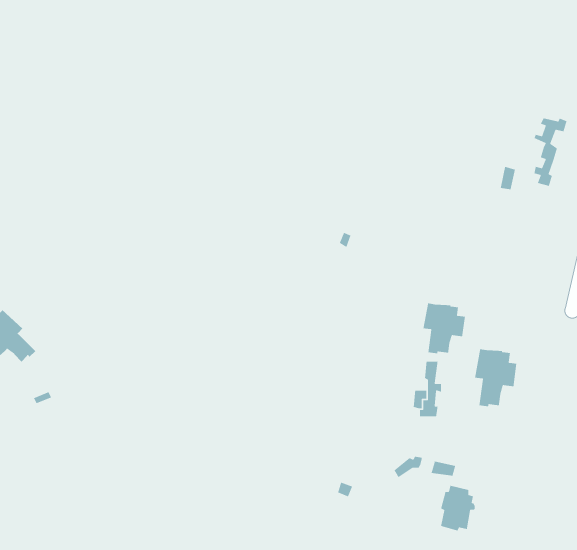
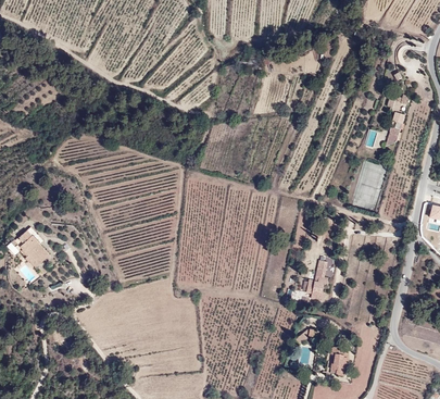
building: [423,303,466,354] -> none
building: [474,348,517,407] -> none

